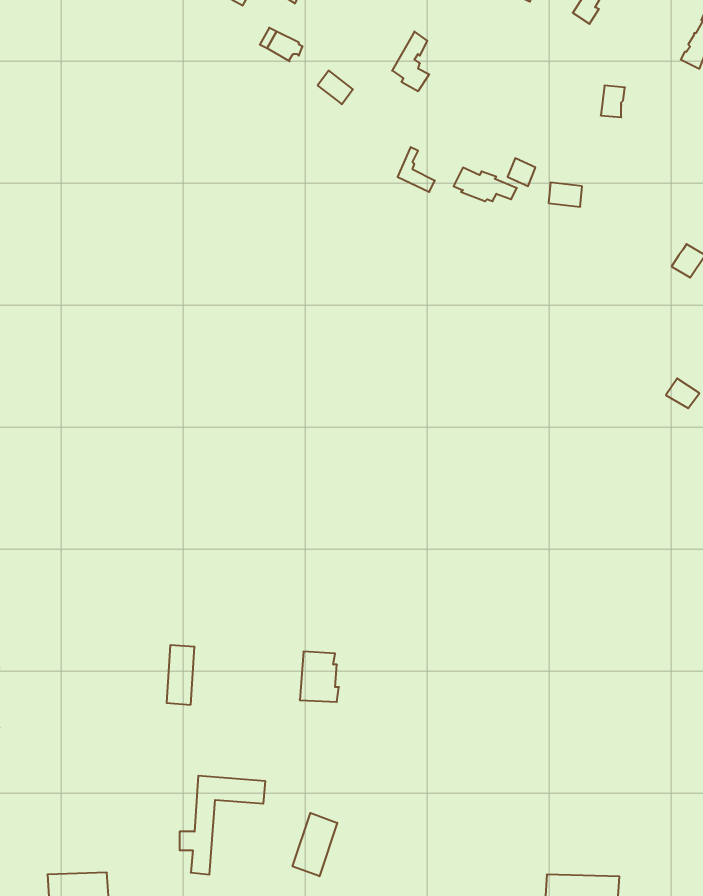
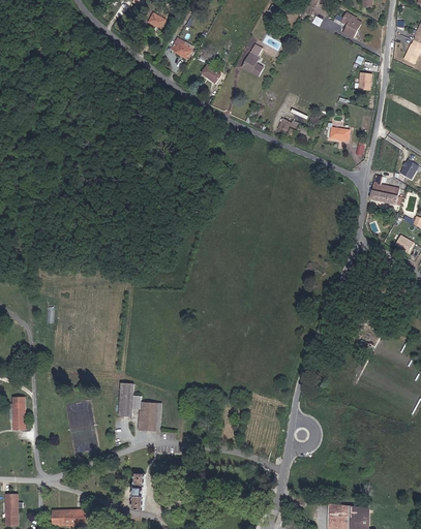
building: none -> [369,176,399,205]
building: [300,652,339,702] -> [138,402,159,430]
building: [293,813,337,876] -> none

